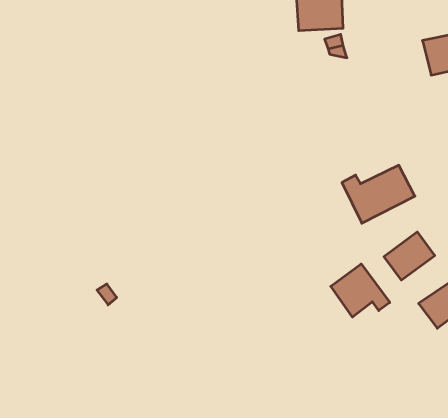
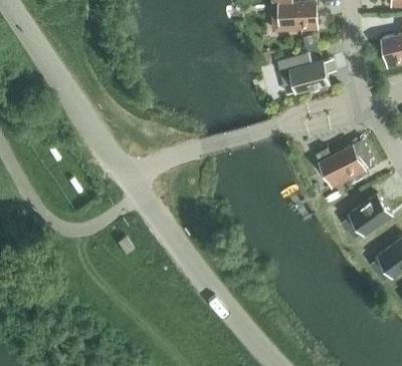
building: none -> [288,61,328,93]
building: [331,264,390,317] -> none

